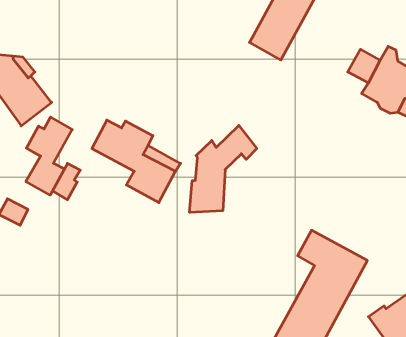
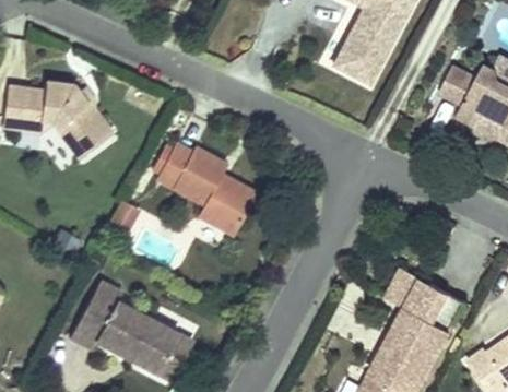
building: [26,117,72,195] -> none
building: [190,125,257,212] -> none
building: none -> [69,282,189,381]

